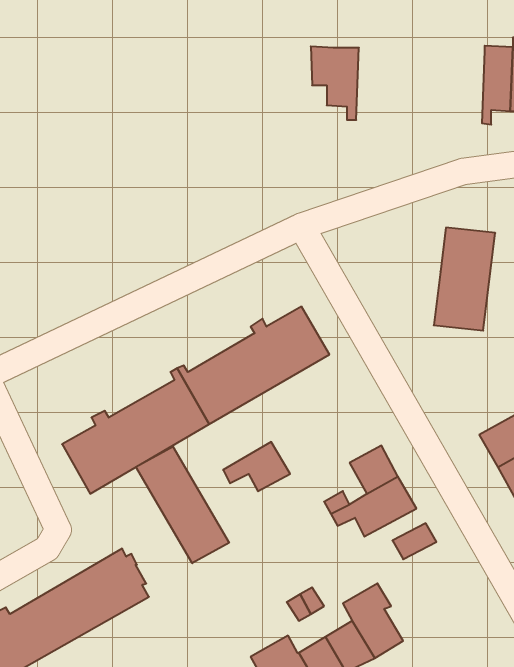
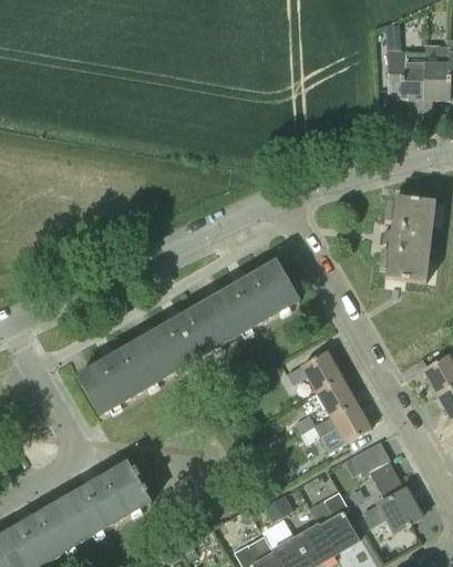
building: [311,46,359,120] -> [387,49,426,110]
building: [223,442,290,491] -> [286,350,341,391]
building: [136,446,229,563] -> none
building: none -> [362,465,421,532]

